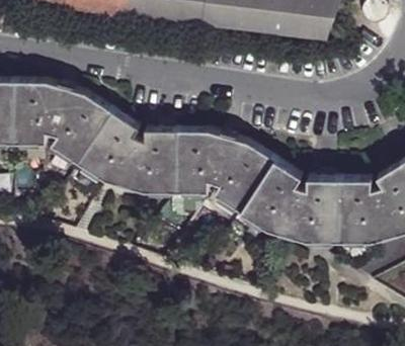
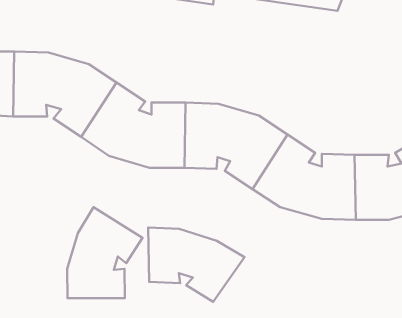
building: none -> [67,207,142,298]
building: none -> [148,227,244,302]

